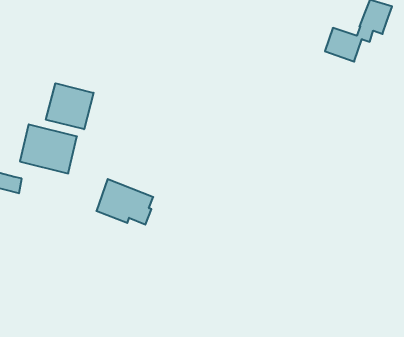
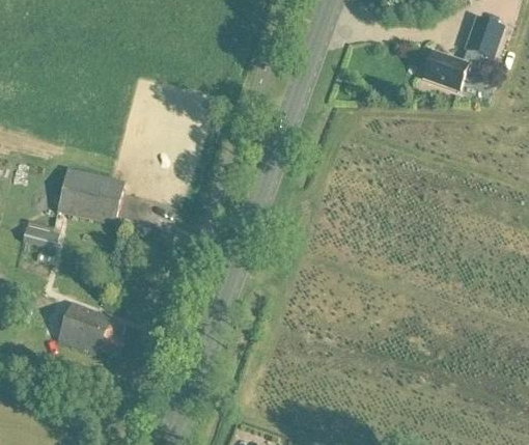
building: [46,83,94,129] -> none
building: [96,179,153,225] -> [57,302,126,357]

